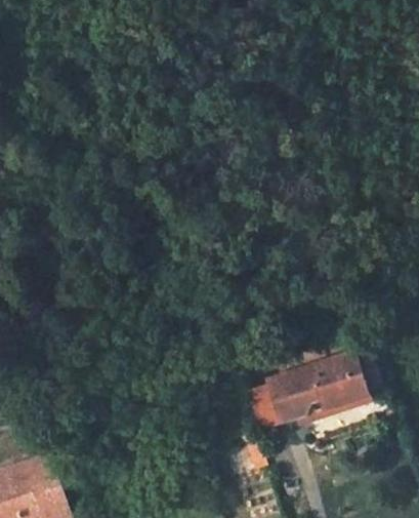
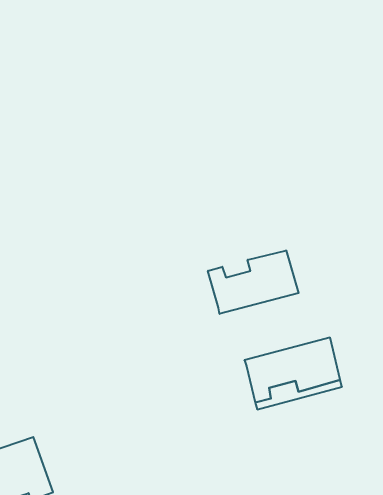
building: none -> [208,250,299,314]
building: [244,382,279,426] -> none

